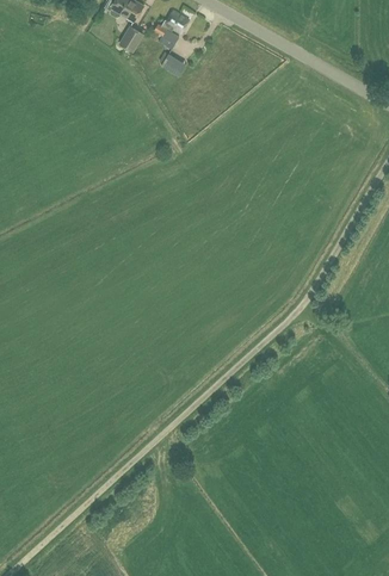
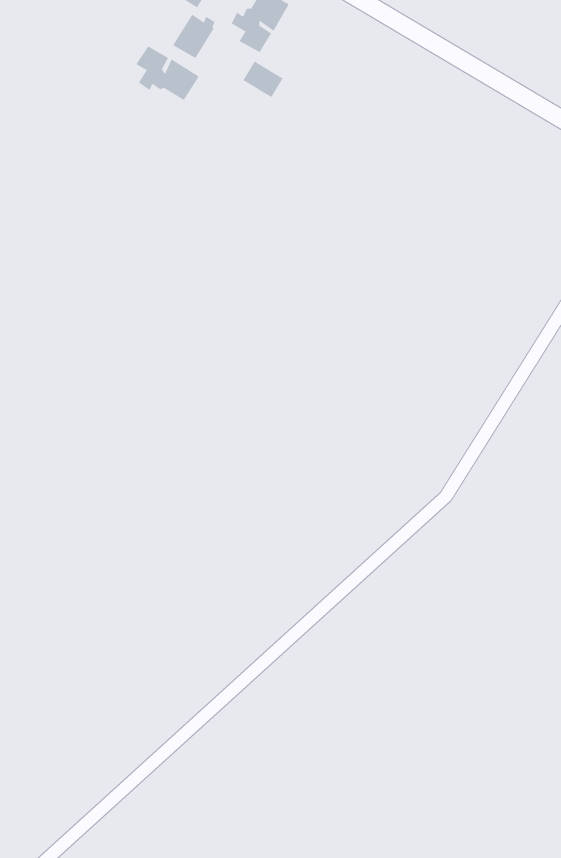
building: none -> [136,45,199,101]

